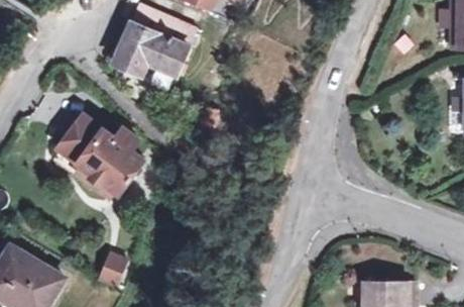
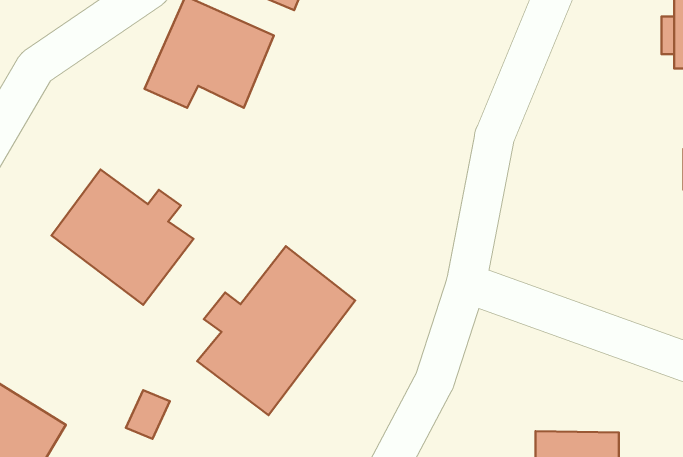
building: none -> [197,246,355,415]

